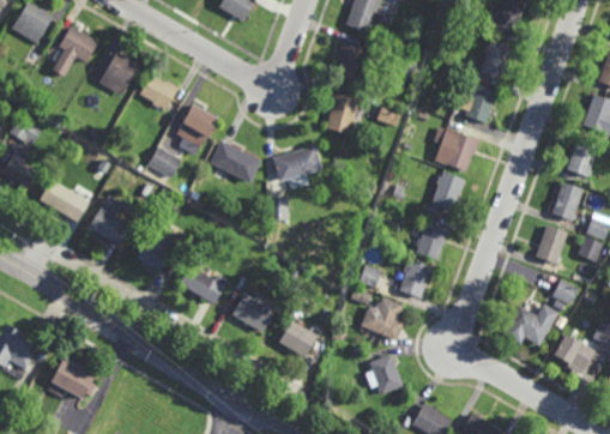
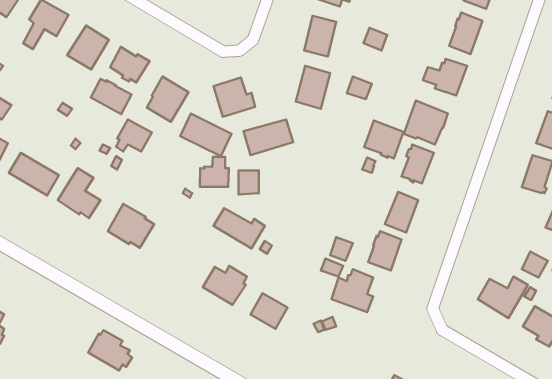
building: none -> [213,78,255,117]
building: none -> [91,79,131,114]
building: none -> [364,121,403,158]
building: none -> [200,157,229,187]
building: [534,224,568,265] -> none
building: [175,264,227,305] -> [214,208,265,249]
building: [366,355,404,394] -> none
building: [49,360,93,400] -> [88,330,132,370]

